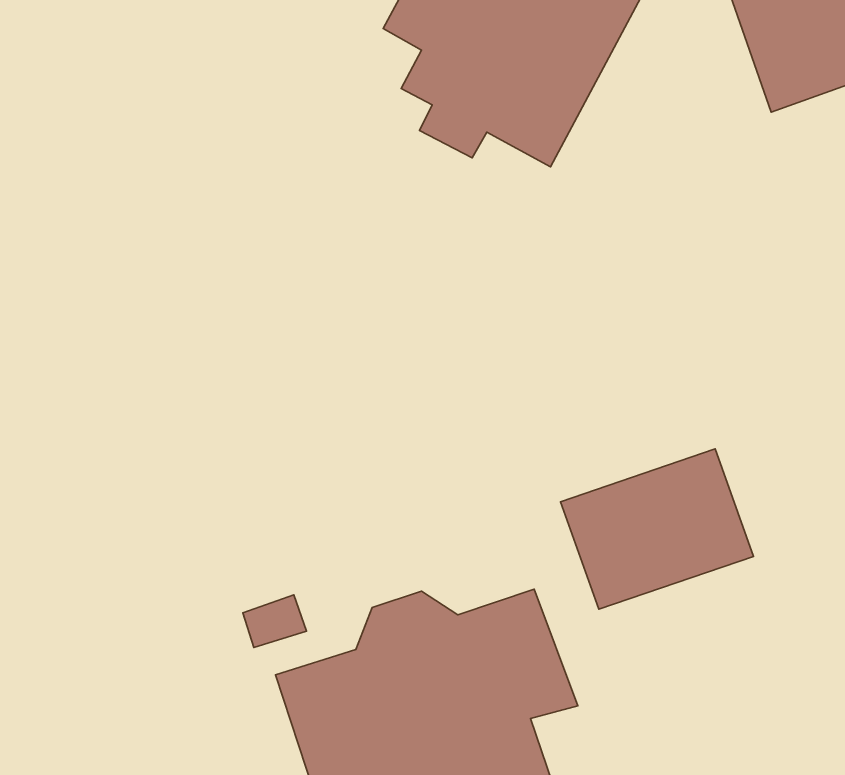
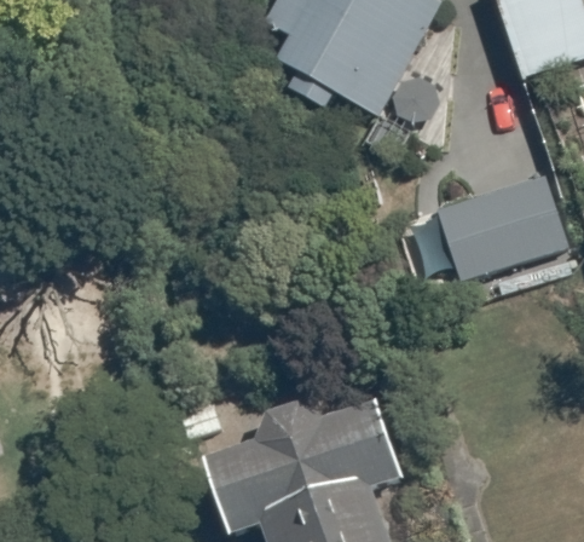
building: [561,449,754,609] -> [441,175,569,282]

